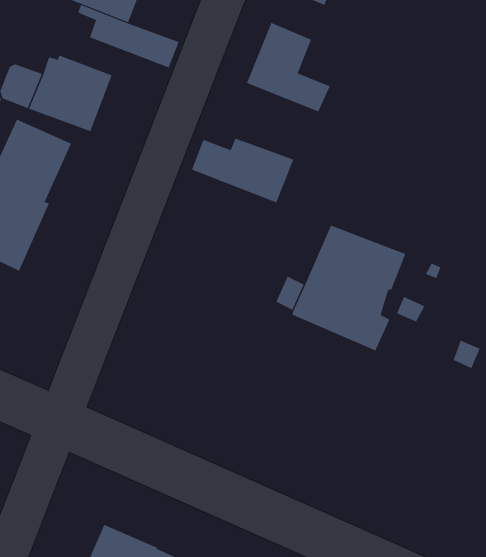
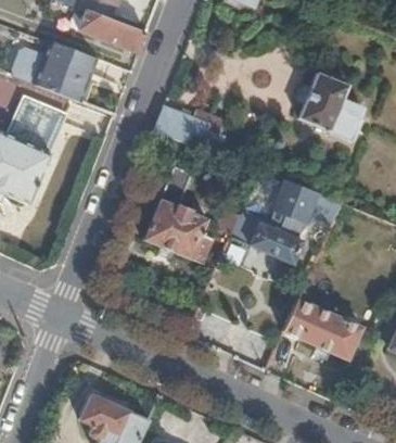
building: [246,22,331,112] -> [298,72,361,139]
building: none -> [143,164,212,263]
building: none -> [284,300,361,358]

